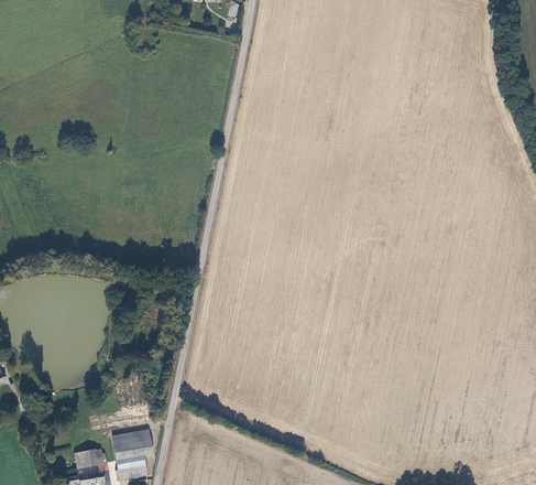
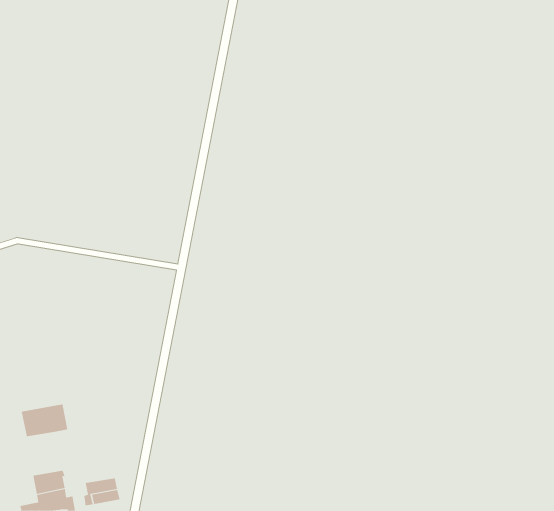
building: [112,430,153,459] -> [21,404,68,437]

